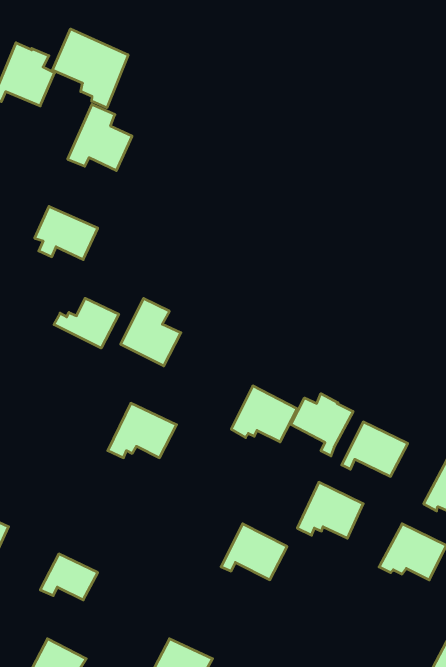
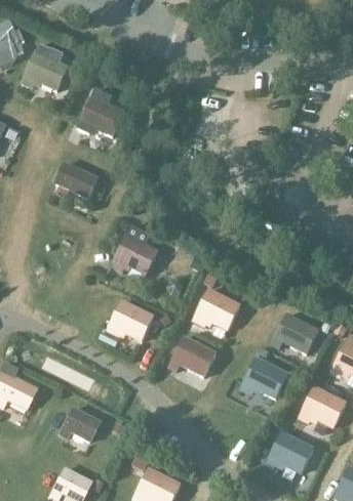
building: [53,29,128,108] -> none
building: [54,298,119,348] -> none
building: [291,394,353,456] -> none
building: [221,524,287,580] -> [168,335,215,375]
building: none -> [267,431,314,472]

